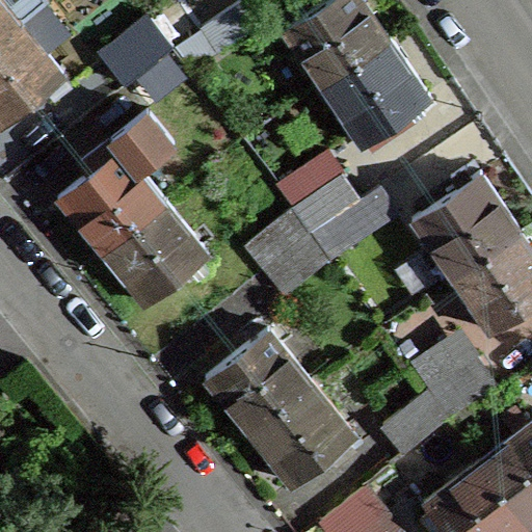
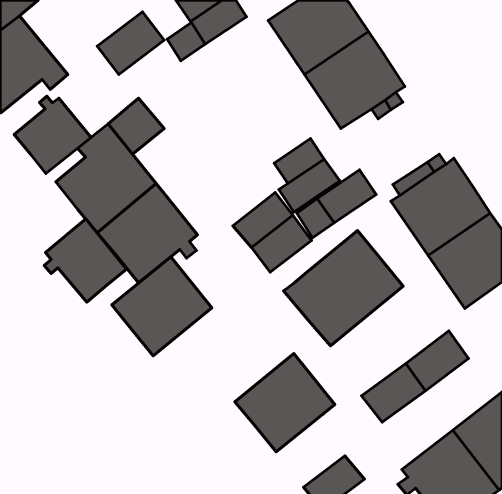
building: none -> [14,96,91,174]
building: none -> [44,219,127,302]
building: none -> [284,230,403,346]
building: [205,328,311,433] -> [112,257,212,356]

